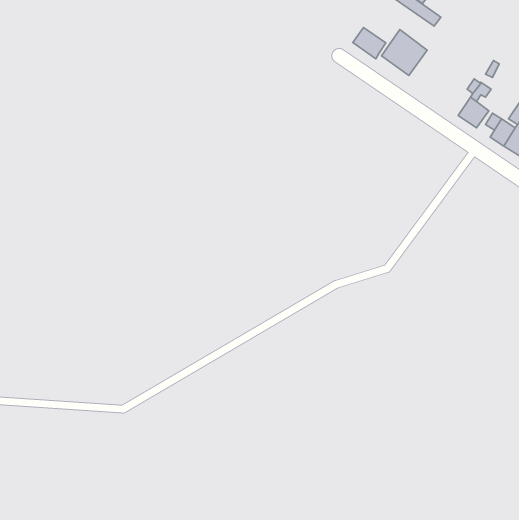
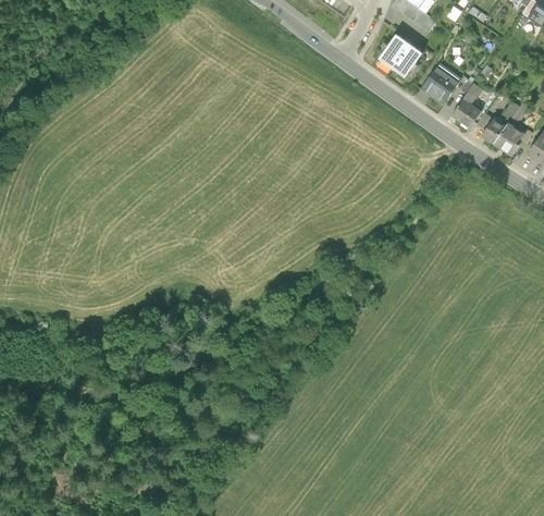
building: [353,28,386,59] -> none
building: none -> [421,63,460,103]

